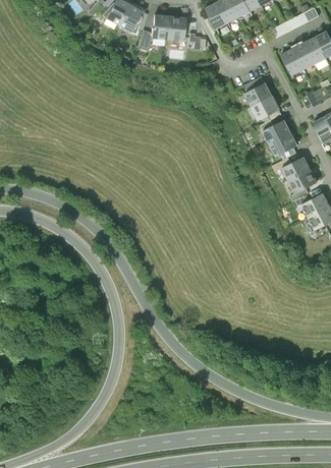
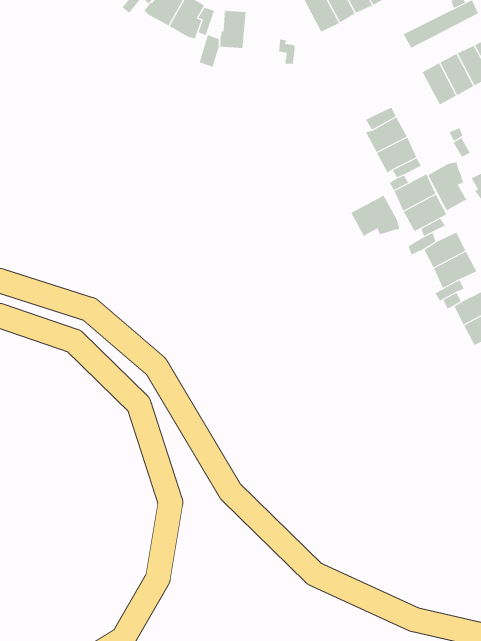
building: [166,15,185,41] -> none
building: none -> [427,162,467,211]
building: none -> [350,195,400,237]

